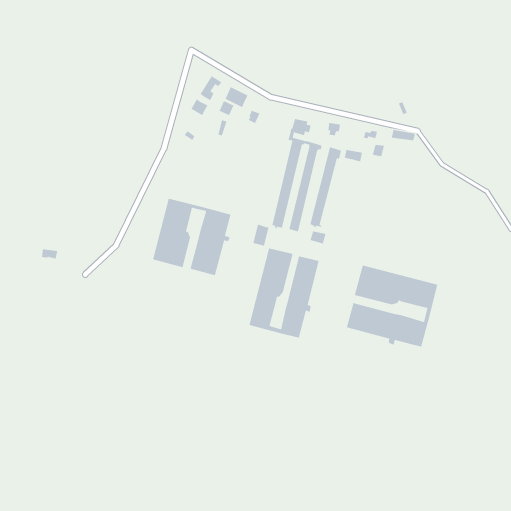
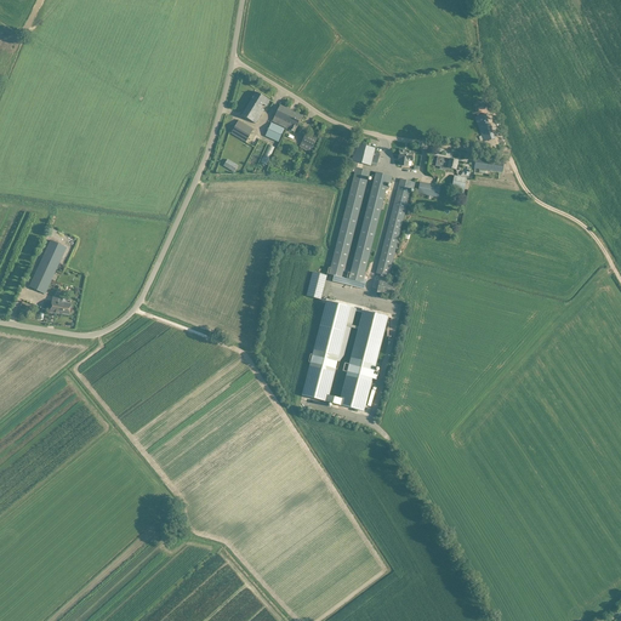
building: [152,198,231,276] -> none
building: none -> [28,240,65,294]
building: [346,265,438,347] -> none

